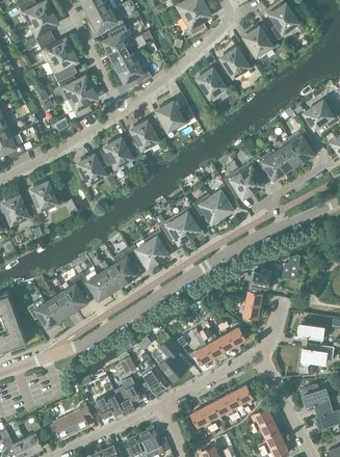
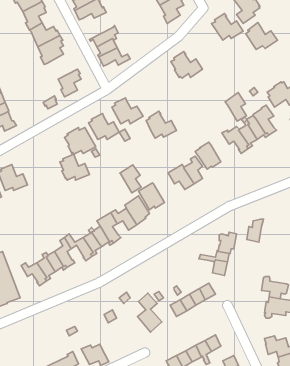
building: [99,24,132,54] -> none
building: [219,45,255,75] -> [246,23,277,49]
building: [57,73,91,99] -> none
building: [156,101,190,131] -> [146,111,177,138]
building: [239,159,263,191] -> [225,93,246,121]
building: [30,181,63,210] -> [60,154,90,180]
building: [176,206,200,237] -> [120,165,141,193]
building: [141,365,166,396] -> none
building: [115,385,142,415] -> none

